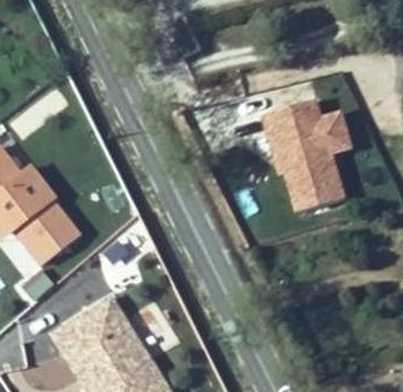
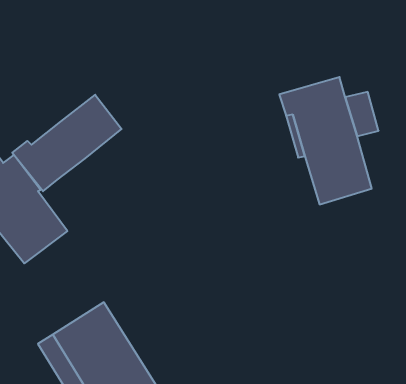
building: none -> [12,95,122,191]

